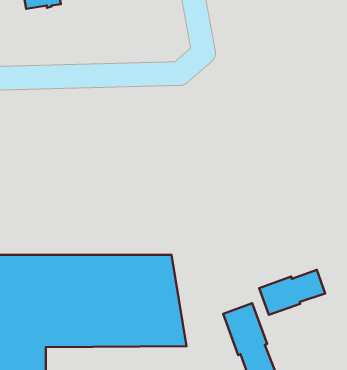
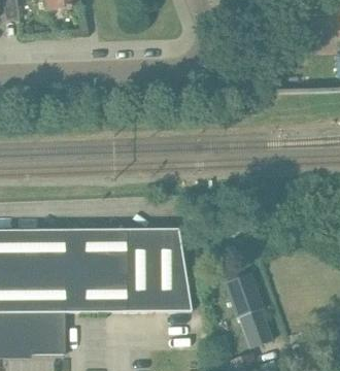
building: [259,270,325,315] -> none

